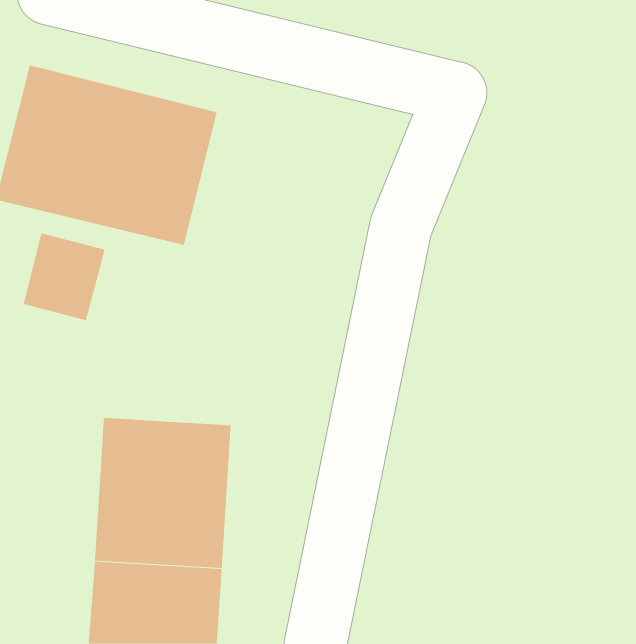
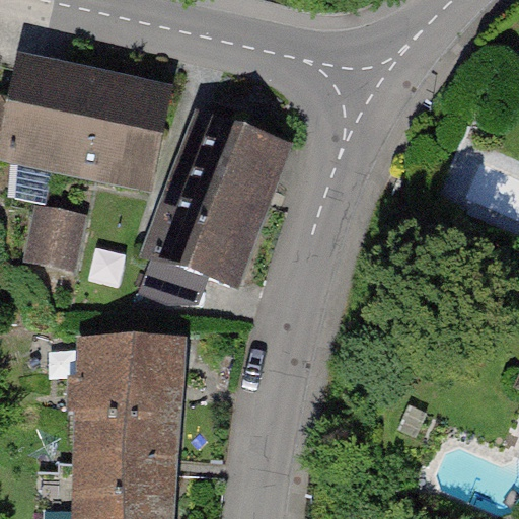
building: none -> [151,114,294,287]

